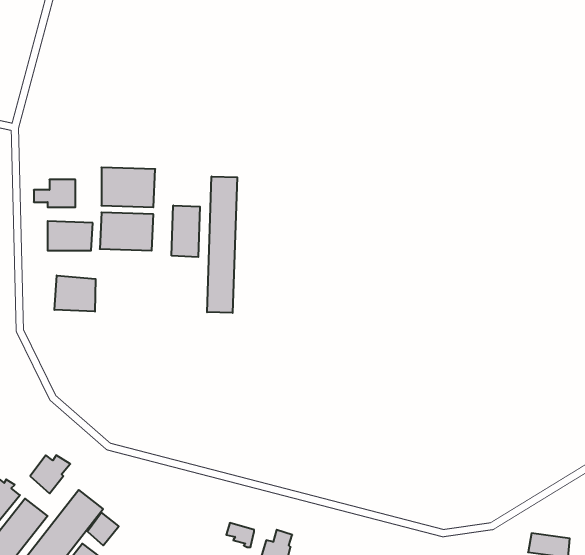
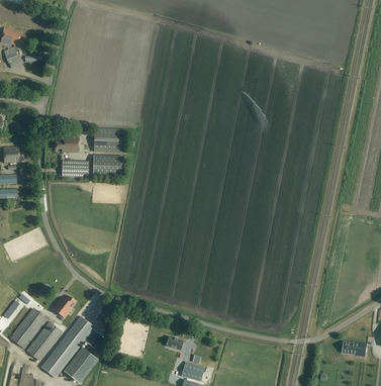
building: [207,176,237,313] -> none
building: [172,205,200,257] -> none
building: [54,275,96,312] -> none

